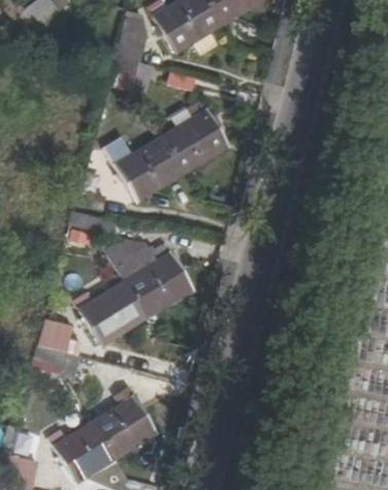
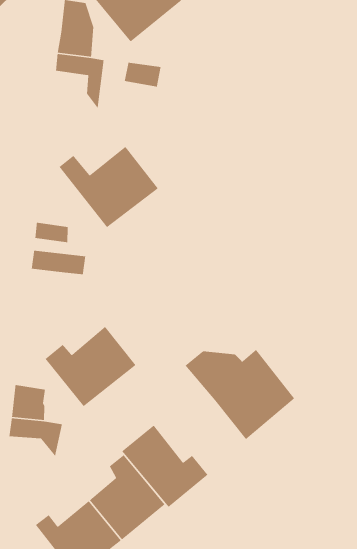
building: [160,100,228,175] -> none
building: [104,239,191,316] -> [185,349,295,440]
building: none -> [121,425,209,508]

